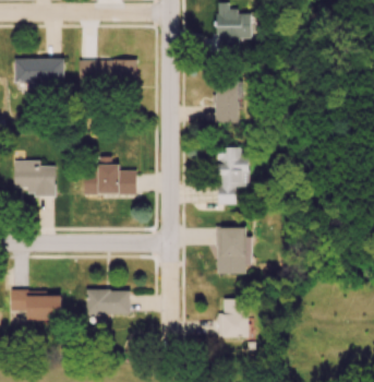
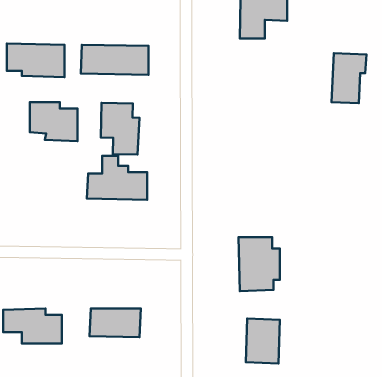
building: [215,80,245,123] -> [331,53,366,103]
building: none -> [101,103,139,155]
building: [218,147,250,205] -> none
building: [14,162,56,195] -> [30,102,77,141]

